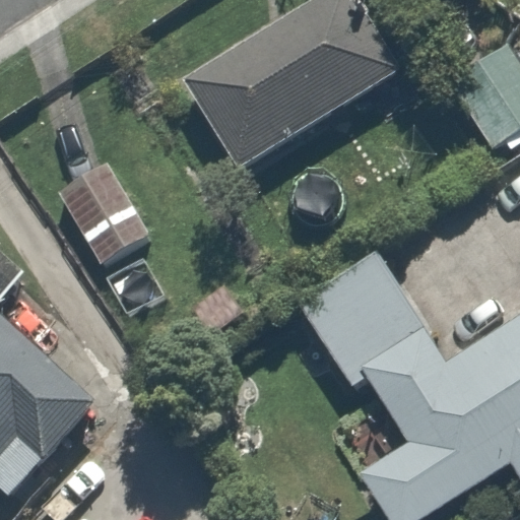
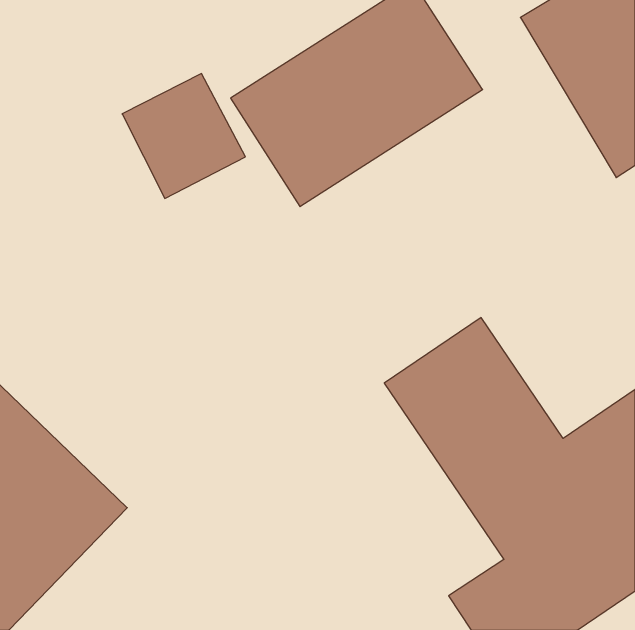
building: [54,156,153,257] -> [122,74,245,198]

